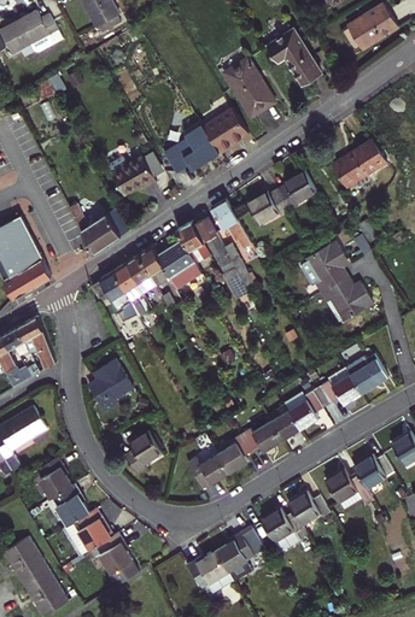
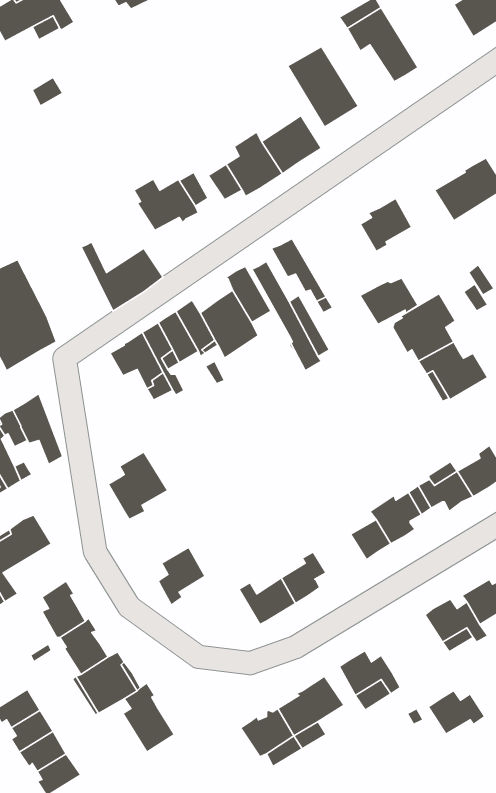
building: [245,189,288,224] -> [360,278,418,325]
building: [241,421,281,451] -> none
building: [287,492,329,524] -> [428,691,485,734]

